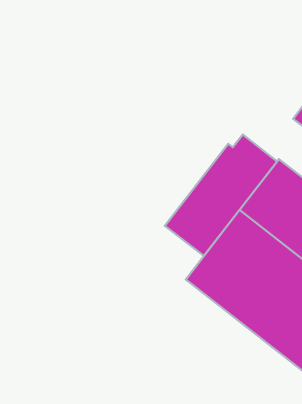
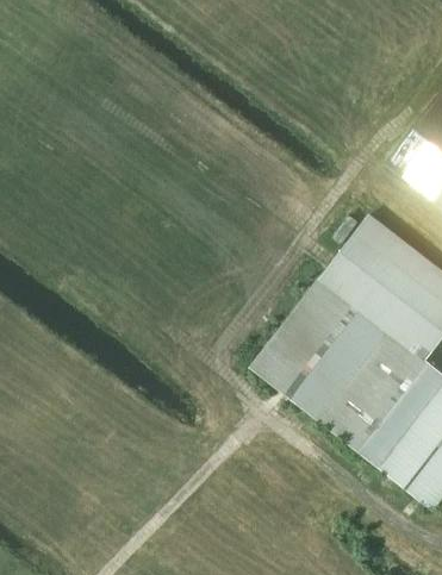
building: [165,135,277,256] -> none

